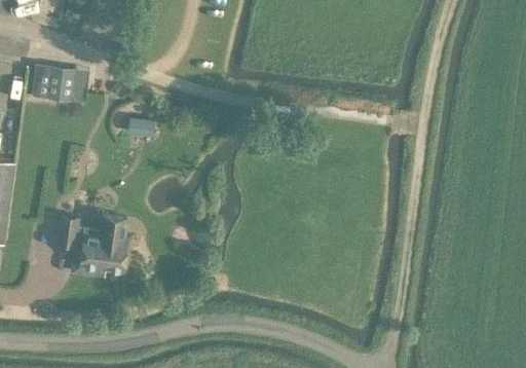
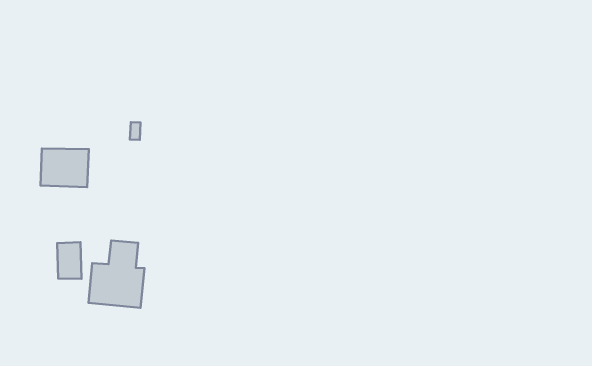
building: [30,65,73,101] -> [40,148,89,187]

